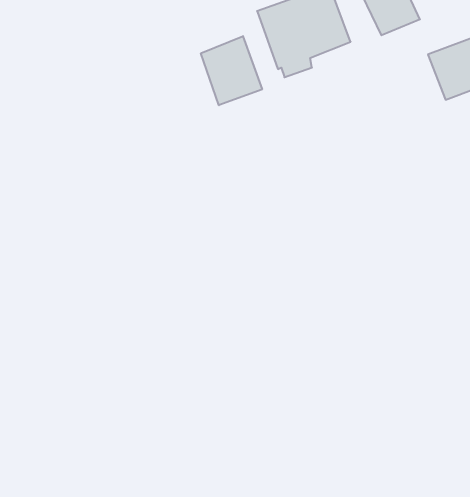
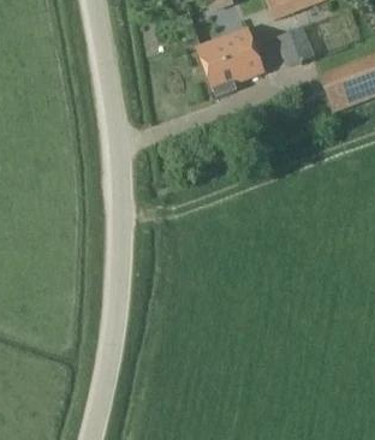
building: [201,36,262,105] -> none

